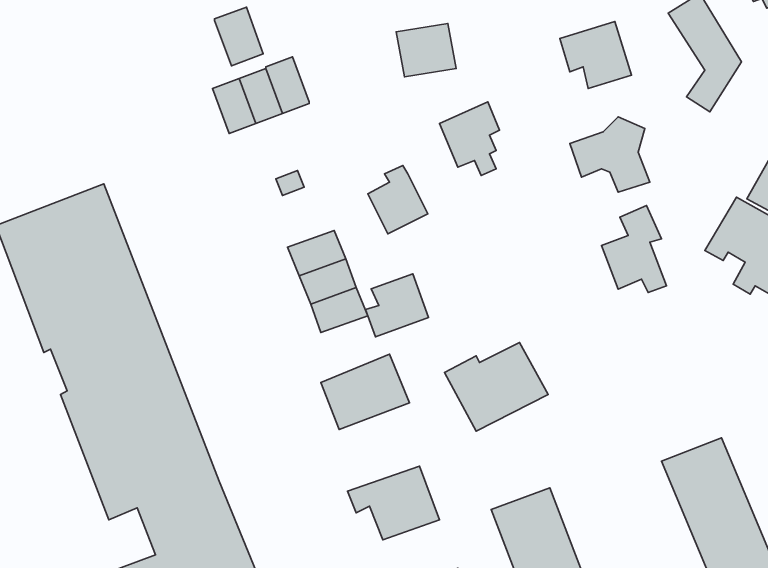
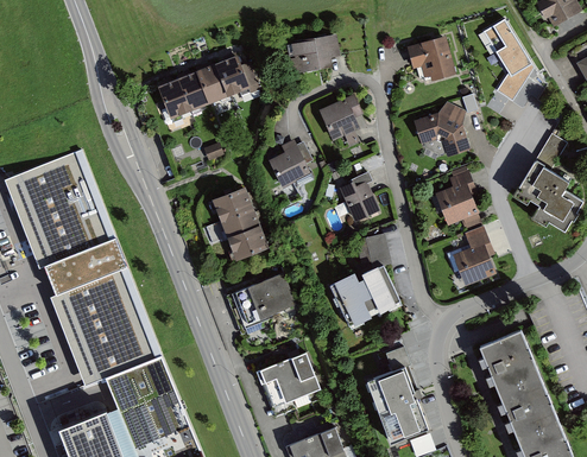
building: [215,7,263,66] -> [216,51,251,93]
building: none -> [339,176,381,223]
building: [365,274,428,337] -> none
building: none -> [454,223,498,284]

